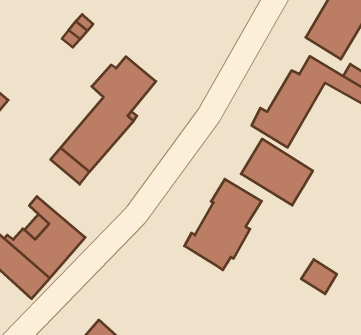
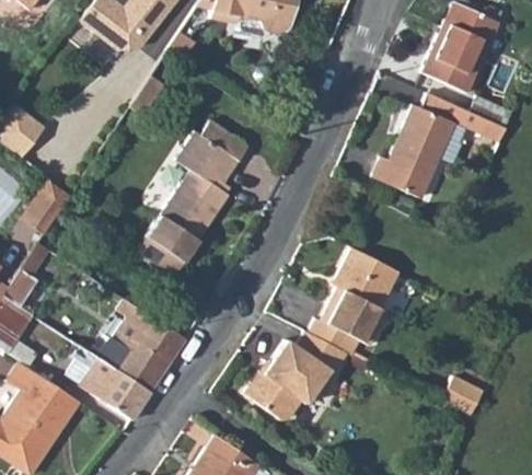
building: [241,139,313,205] -> none
building: none -> [239,334,347,420]
building: [301,259,337,294] -> [440,373,482,413]

